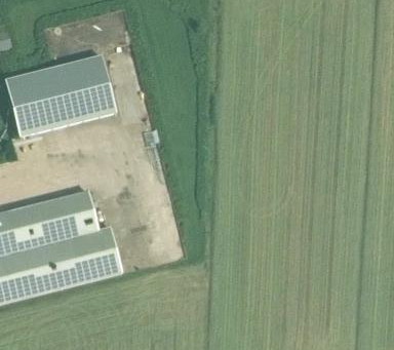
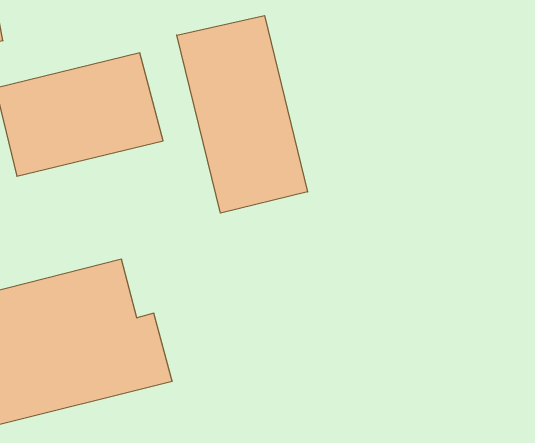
building: none -> [177,16,308,213]

